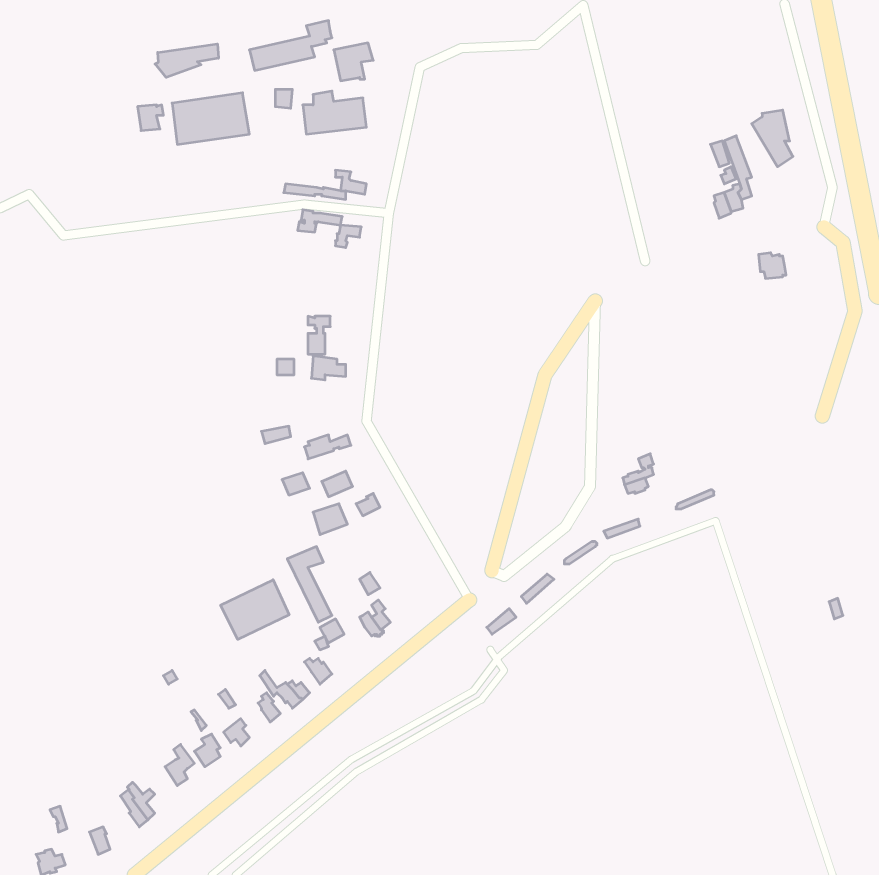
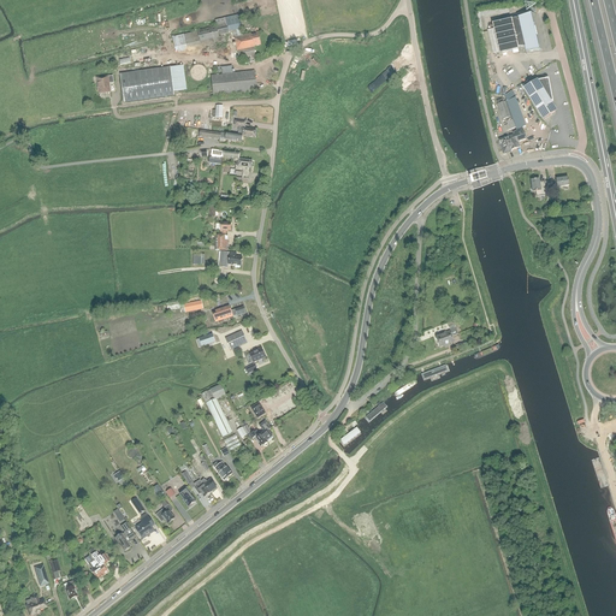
building: none -> [487,11,540,52]
building: [155,44,218,77] -> none
building: [221,580,289,639] -> none

